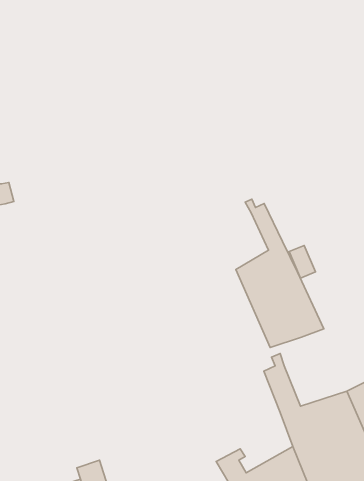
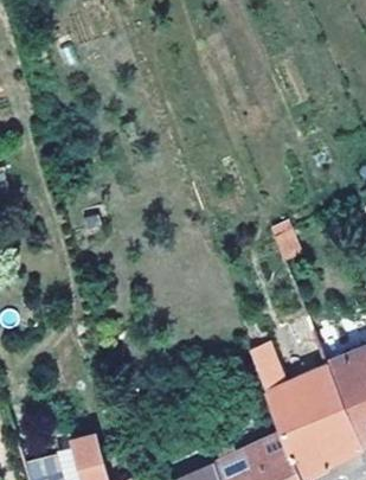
building: [236,199,324,348] -> none

